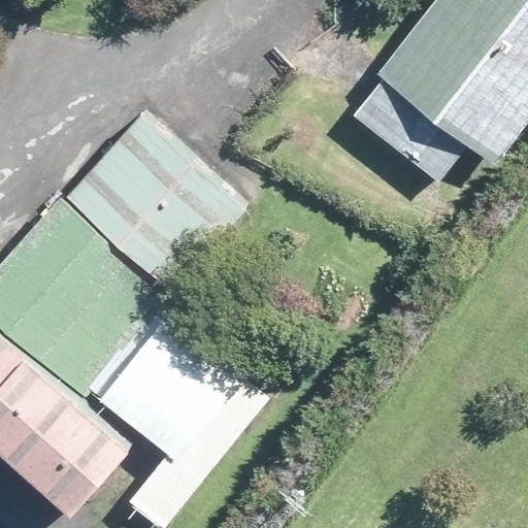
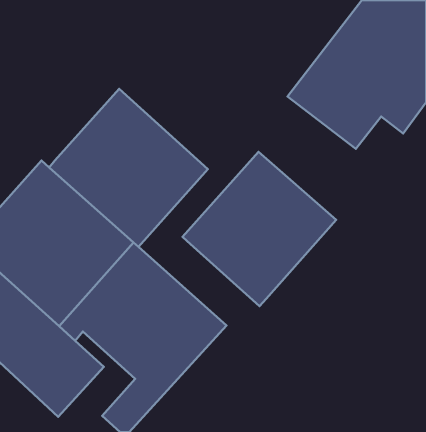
building: none -> [183,152,336,306]

